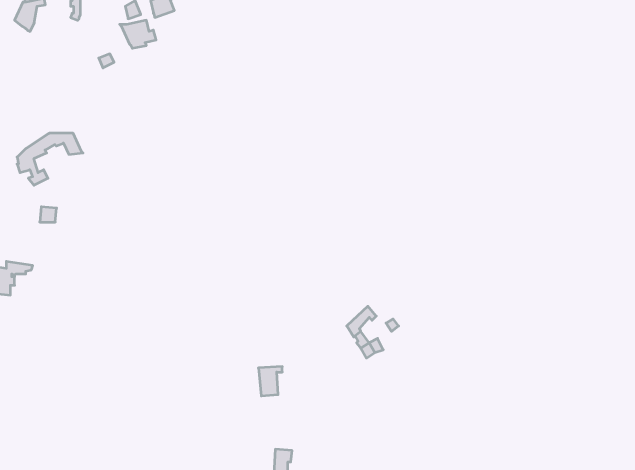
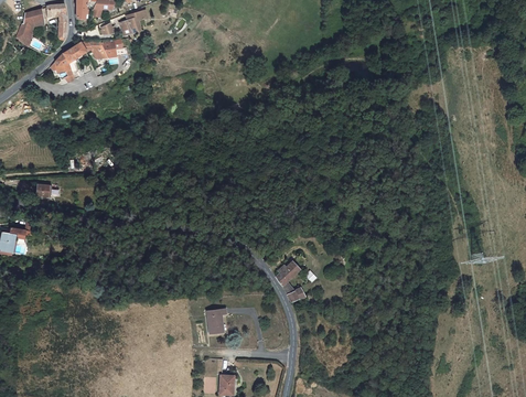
building: [17,133,83,185] -> [55,42,107,83]

